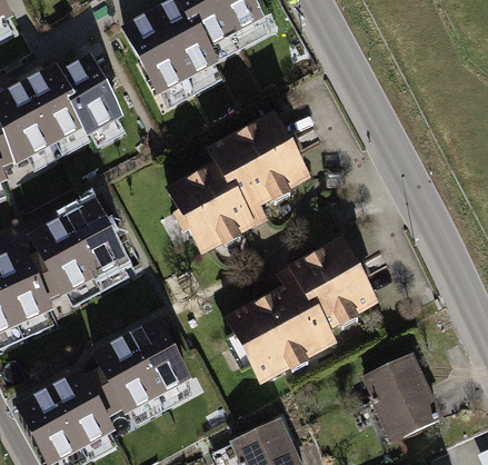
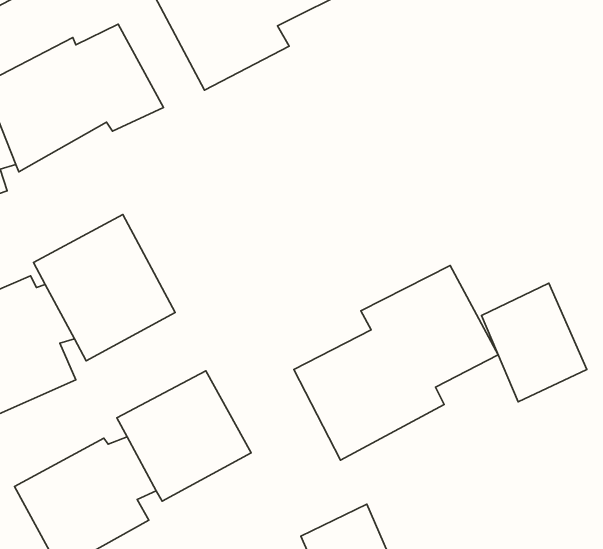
building: [166,111,315,256] -> none
building: [363,353,444,443] -> [482,283,587,402]

